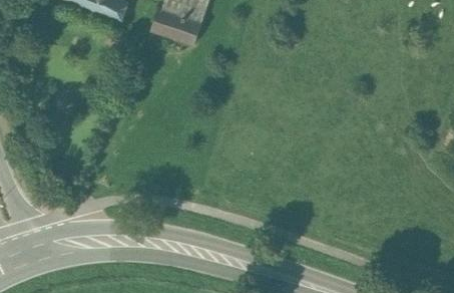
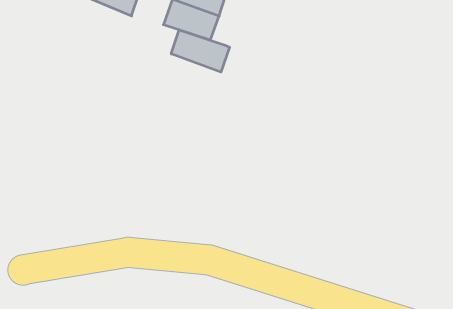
building: none -> [171,30,230,72]

